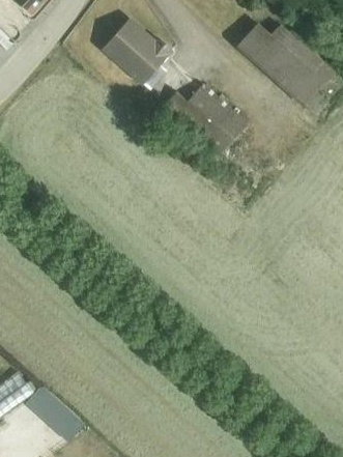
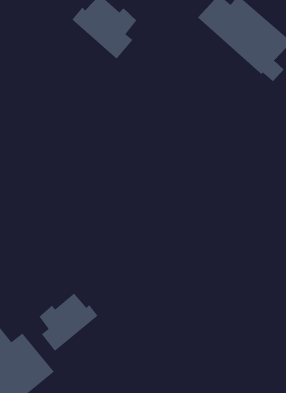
building: [158,83,248,154] -> none
building: none -> [38,293,99,352]

